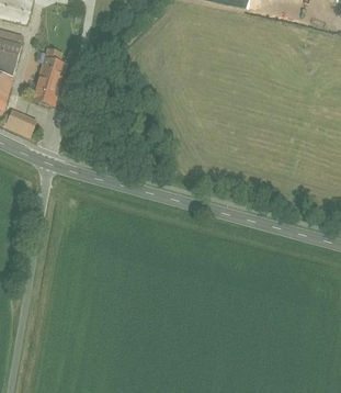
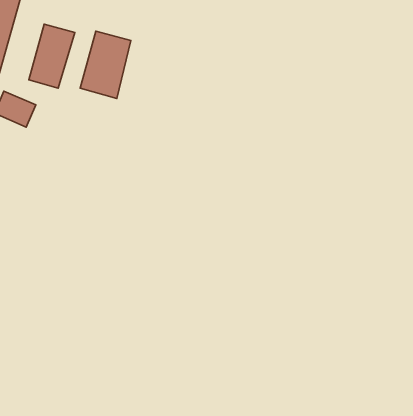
building: none -> [80,31,131,98]

